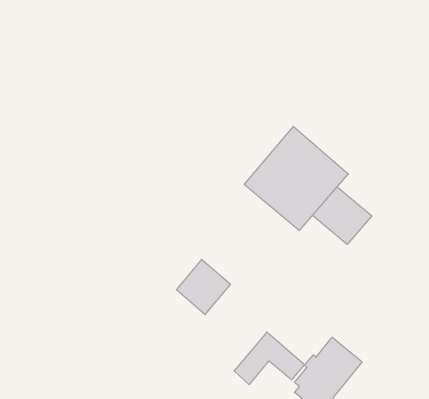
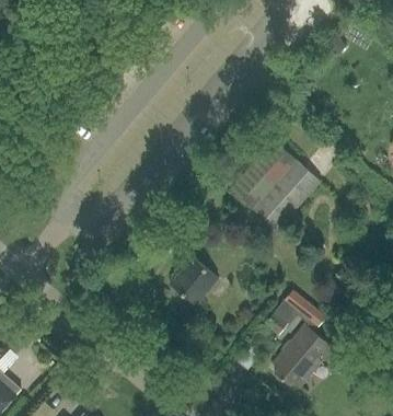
building: [313,187,372,244] -> none
building: [234,332,304,385] -> [265,289,326,335]

